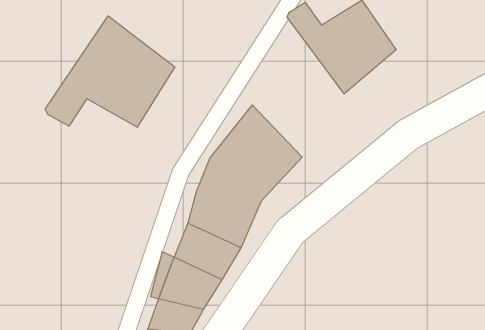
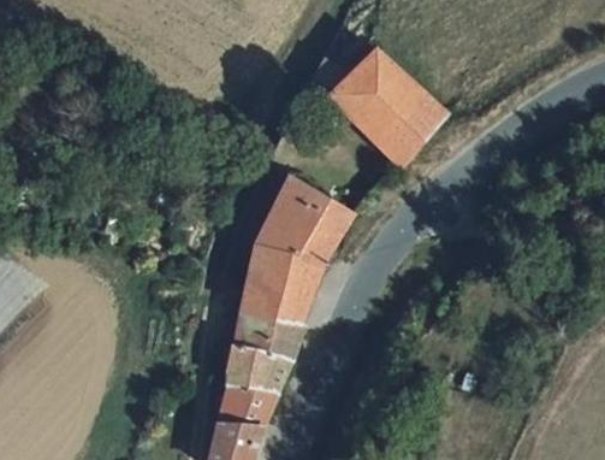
building: [45,16,175,127] -> none
building: none -> [382,95,446,171]

